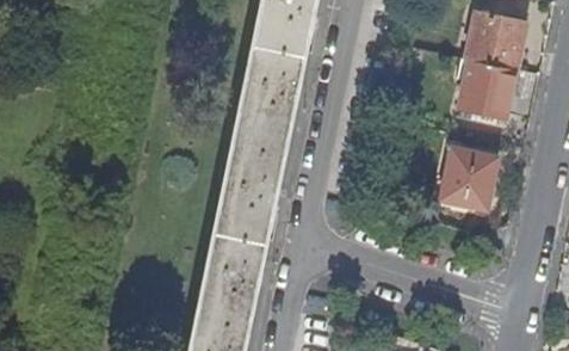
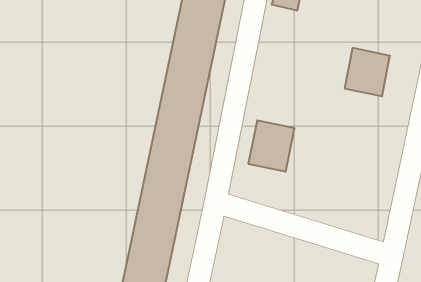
building: [465,12,525,70] -> none
building: [440,148,496,210] -> [248,120,295,172]

